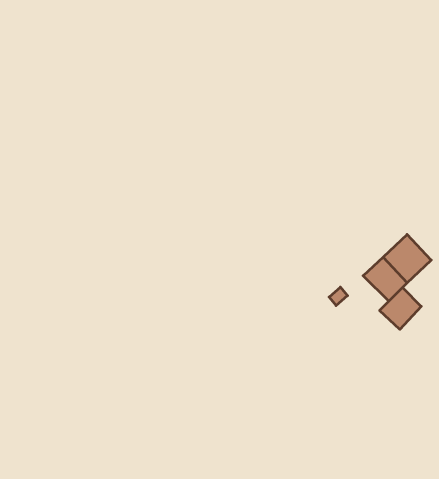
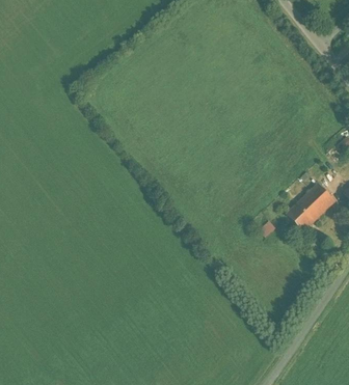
building: [380,288,421,329] -> none

